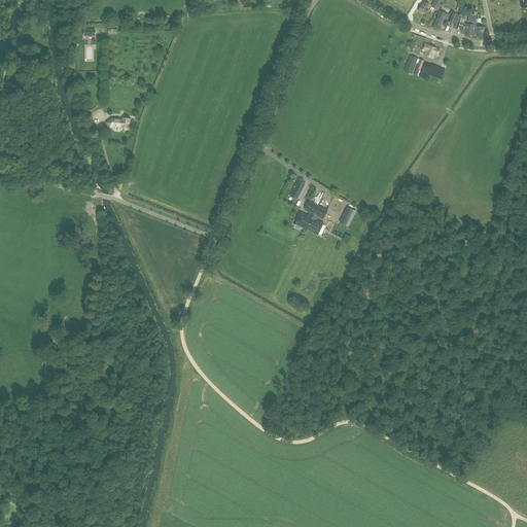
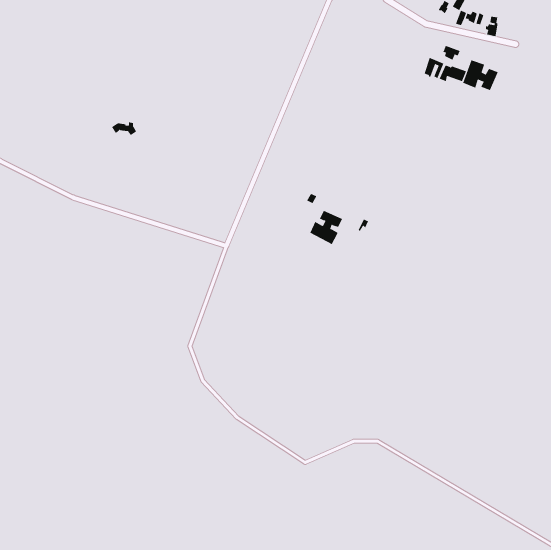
building: none -> [463,59,498,91]

